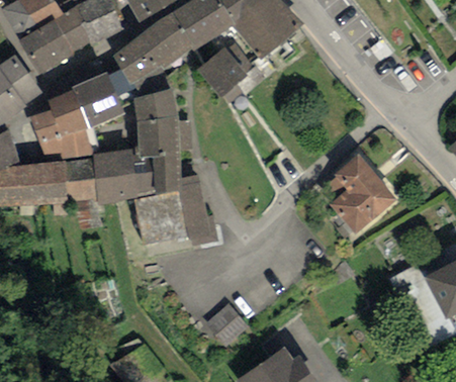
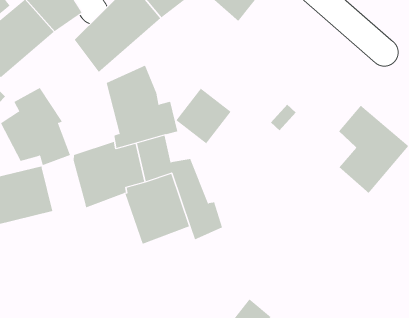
building: [194,43,246,95] -> [176,88,231,144]
building: [70,66,124,122] -> none
building: [63,159,95,201] -> none

